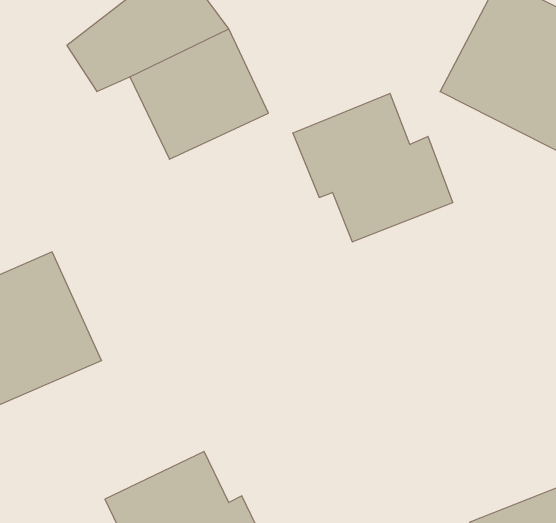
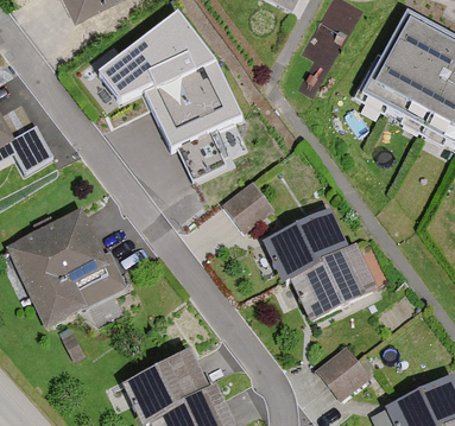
building: [293,93,453,242] -> [266,217,381,324]
building: none -> [220,185,271,234]
building: none -> [314,348,369,402]

